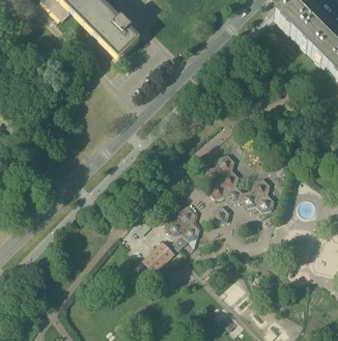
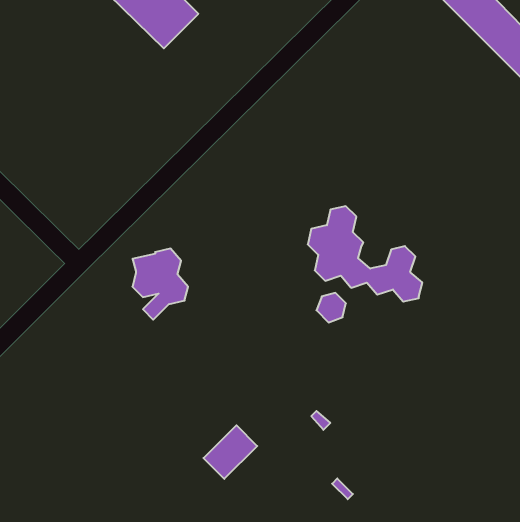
building: [169,203,202,246] -> [132,249,188,320]
building: [145,237,177,269] -> [203,425,257,479]

